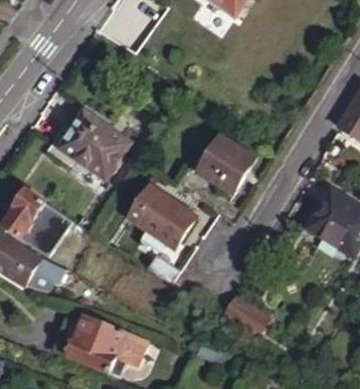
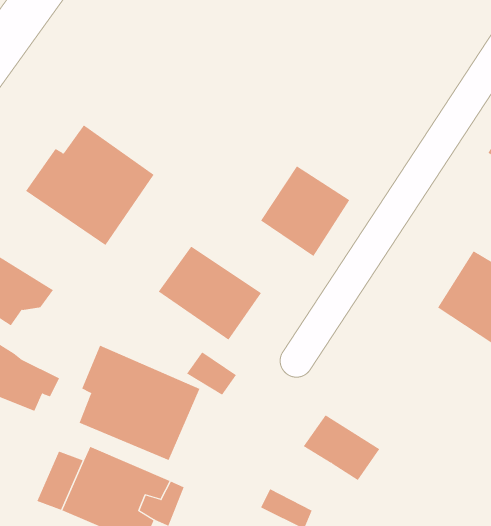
building: none -> [79,345,200,461]

